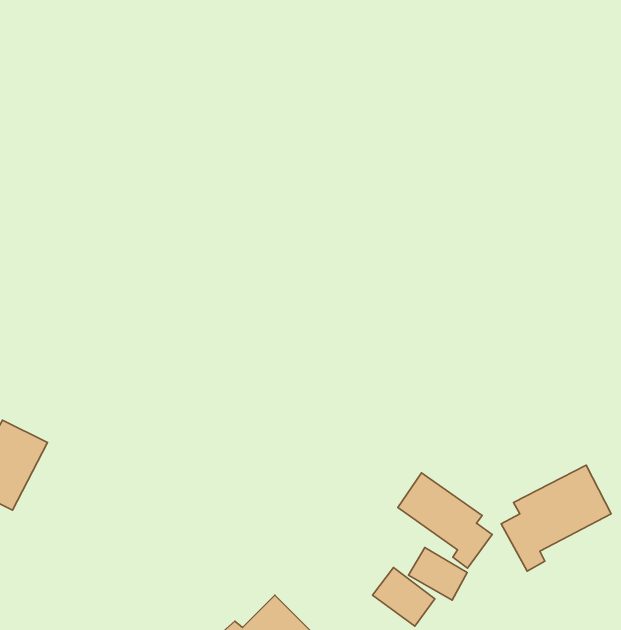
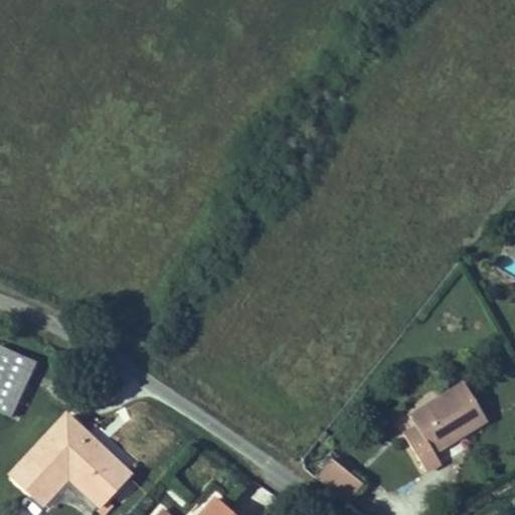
building: [398,473,492,568] -> none
building: none -> [8,416,127,506]

